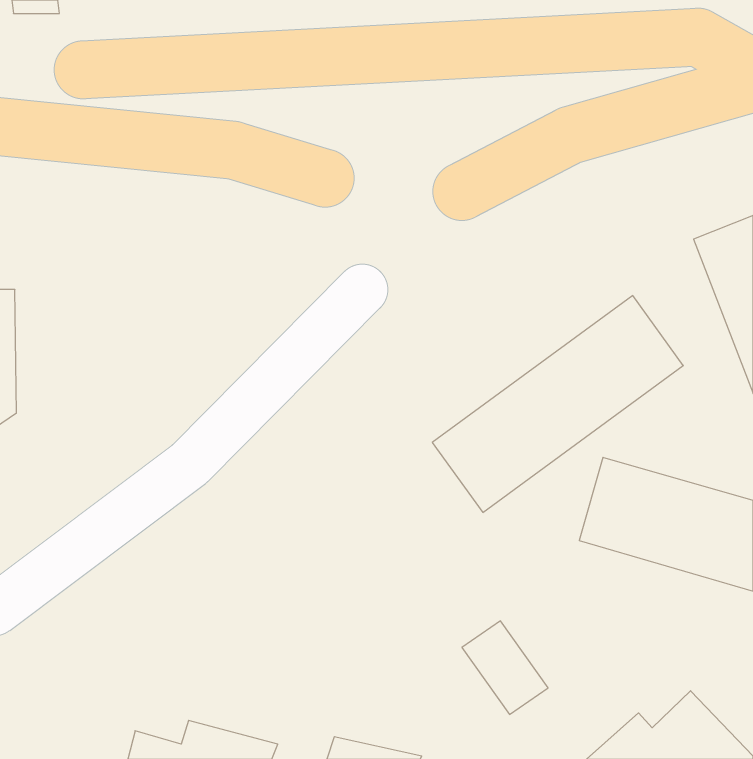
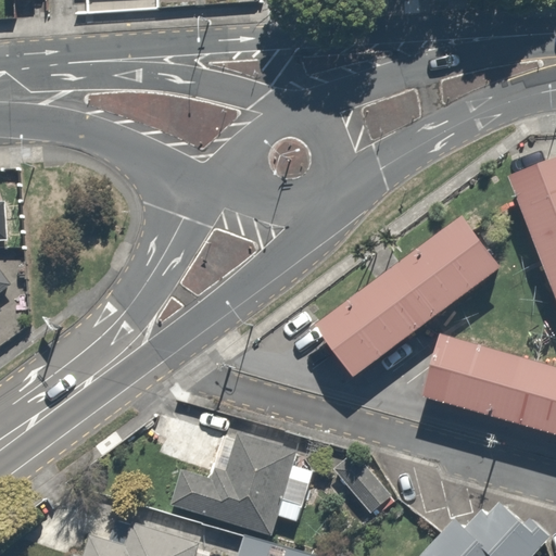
building: none -> [175,433,307,548]

